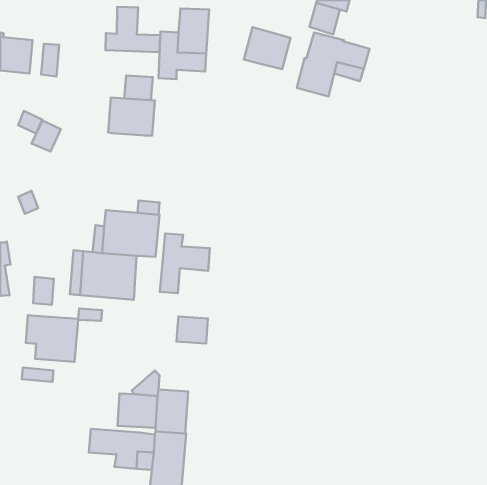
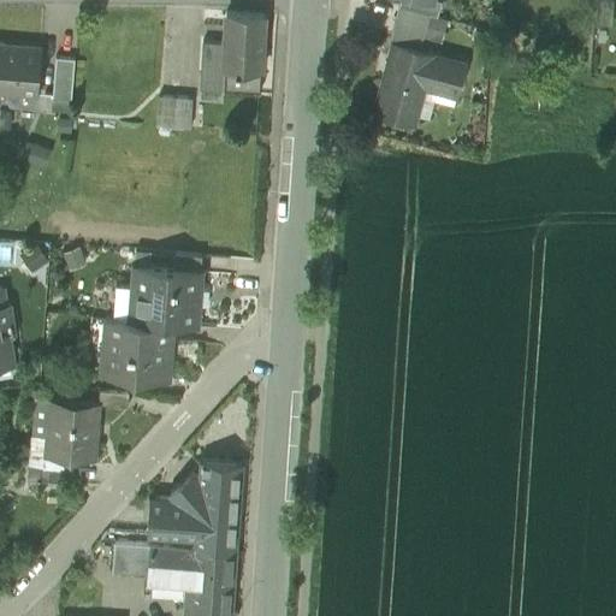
building: [105,7,160,52] -> none
building: [244,27,291,69] -> none
building: [108,98,155,136] -> none
building: [32,121,61,151] -> none
building: [160,233,210,293] -> none
building: [33,277,54,305] -> none
building: [176,317,208,343] -> [201,463,241,497]

